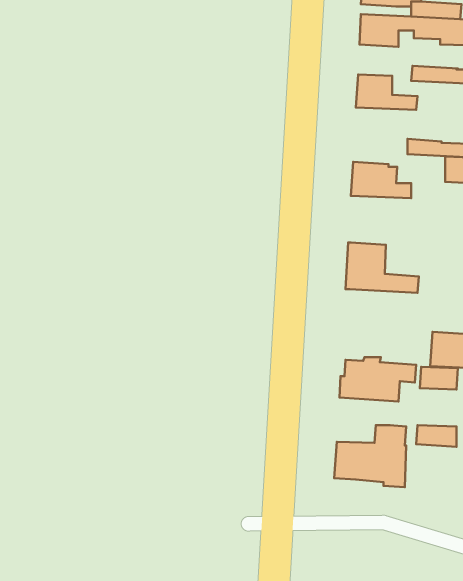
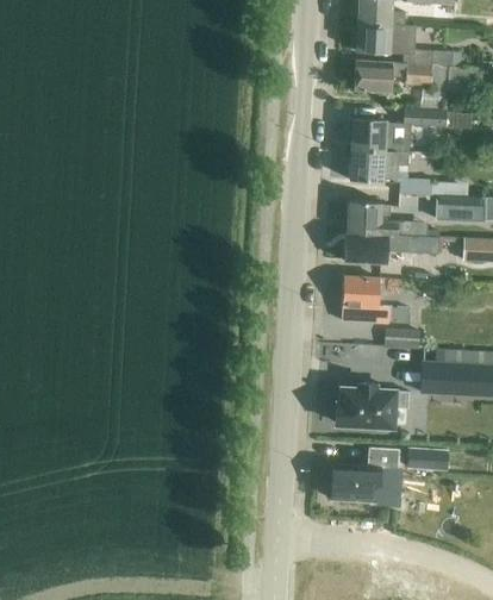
building: none -> [349,149,408,182]
building: none -> [345,232,441,263]
building: [420,367,458,390] -> [385,329,420,350]

